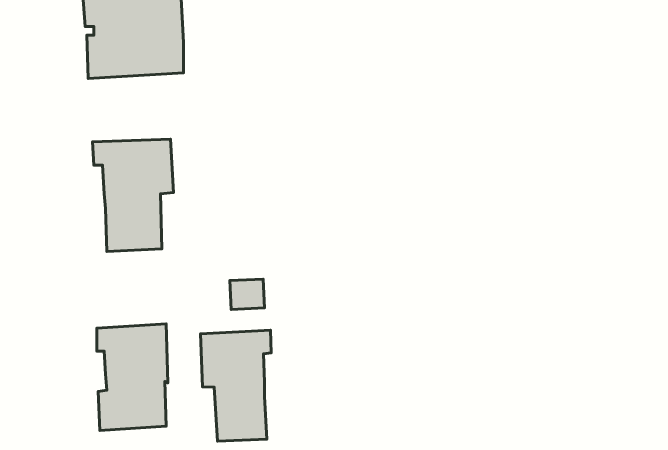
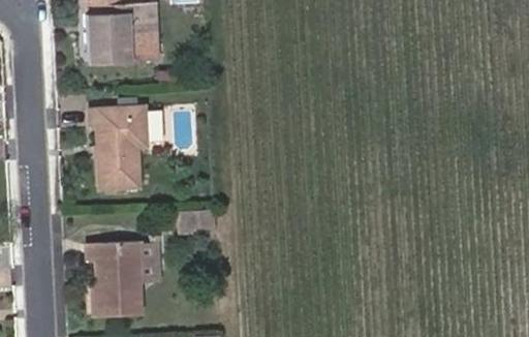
building: [200,330,271,441] -> none

